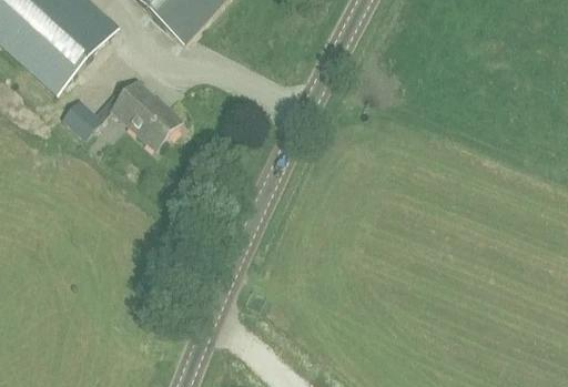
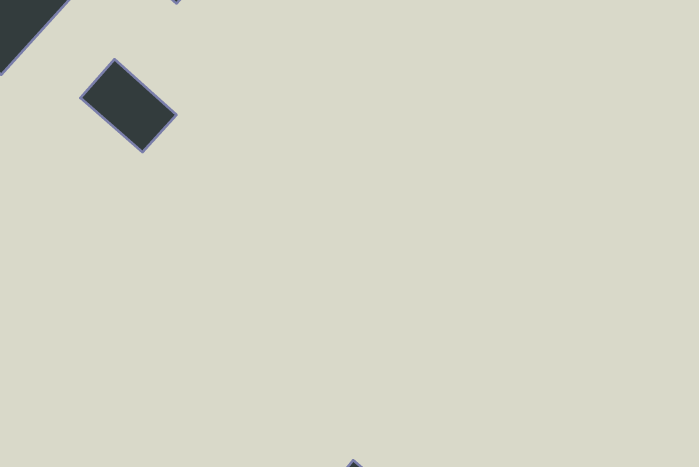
building: [61,99,102,140] -> none

